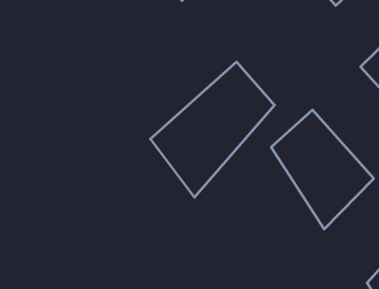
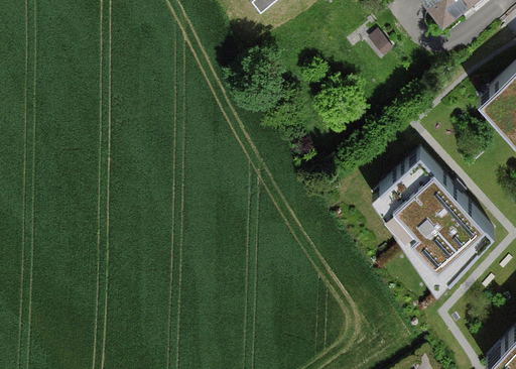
building: [150,62,275,197] -> none

